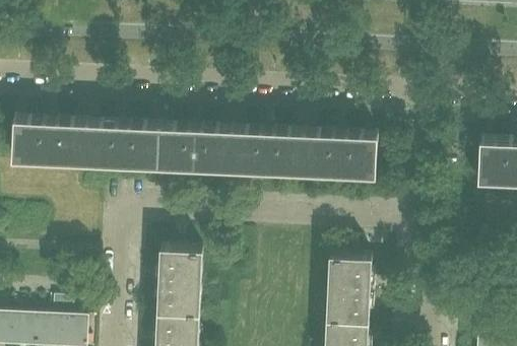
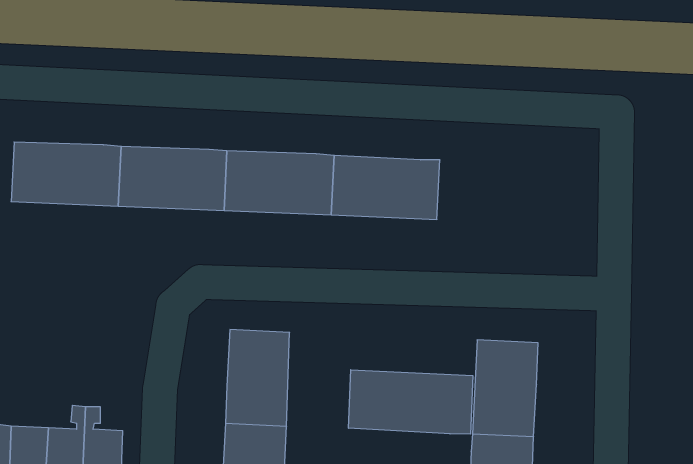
building: [302,132,376,177] -> none
building: none -> [349,370,473,434]

